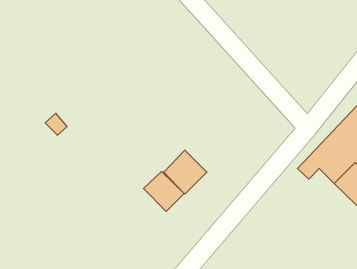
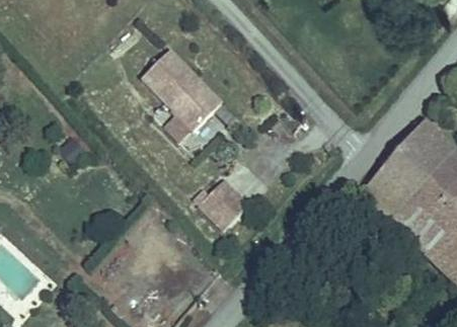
building: none -> [142,55,221,134]
building: [143,171,184,211] -> none

